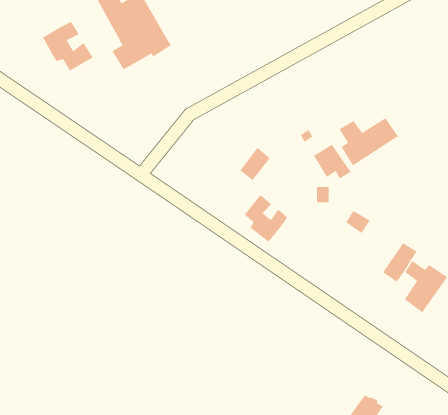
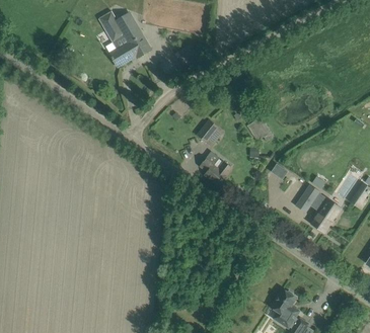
building: [42,21,94,71] -> none
building: [339,116,399,167] -> none

